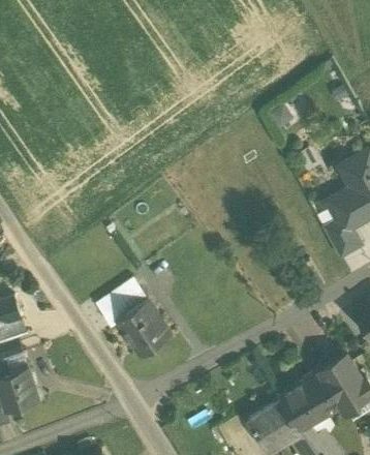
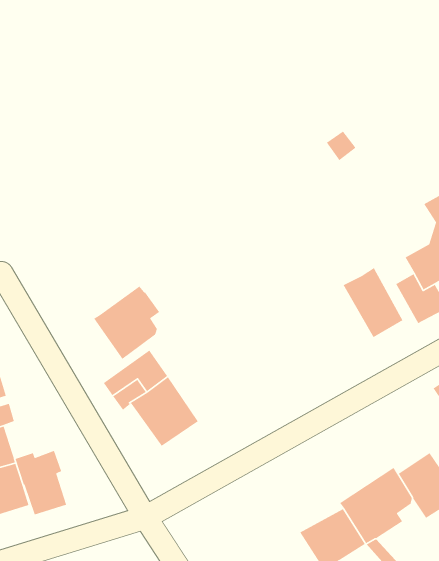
building: none -> [343,267,404,338]
building: none -> [93,286,160,360]
building: none -> [15,450,67,515]

